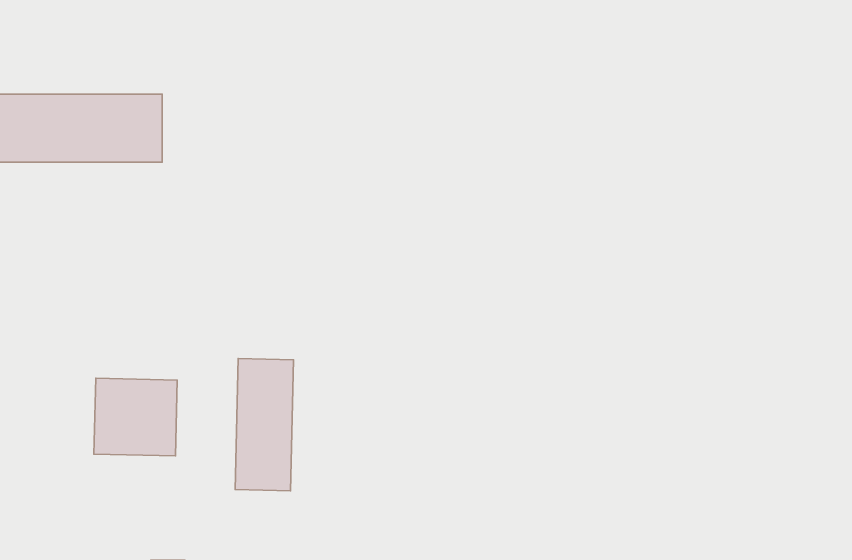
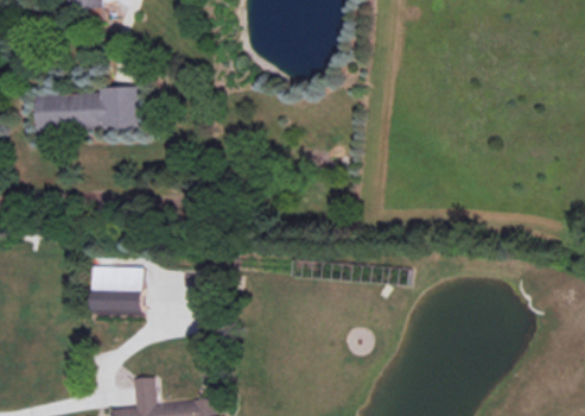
building: [235,359,294,491] -> none

